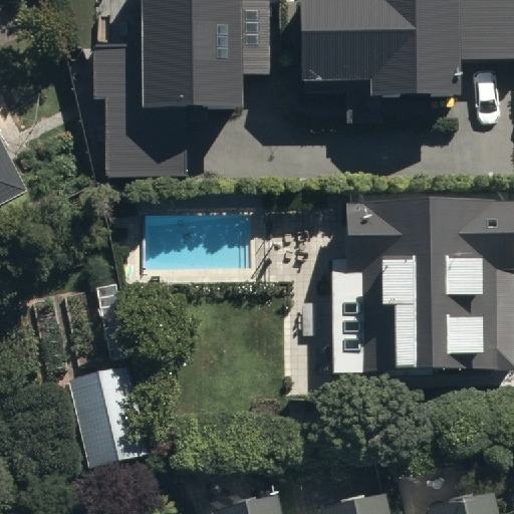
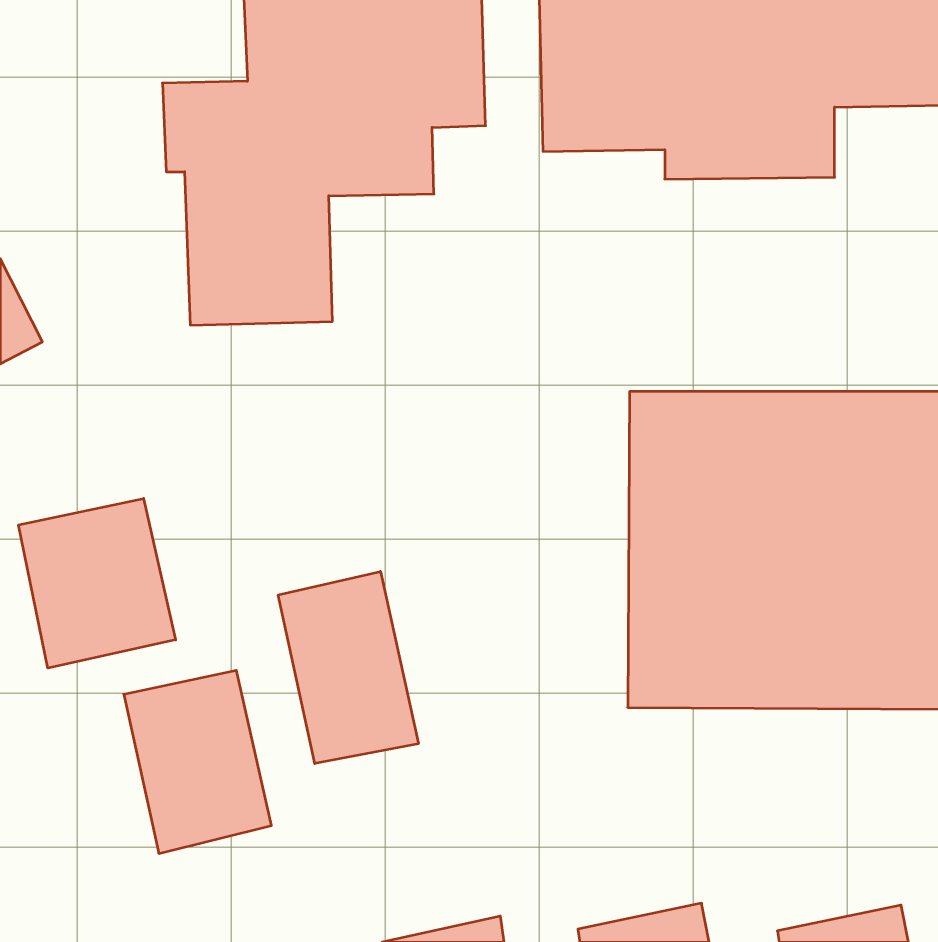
building: none -> [19,498,176,668]
building: none -> [278,571,418,764]

